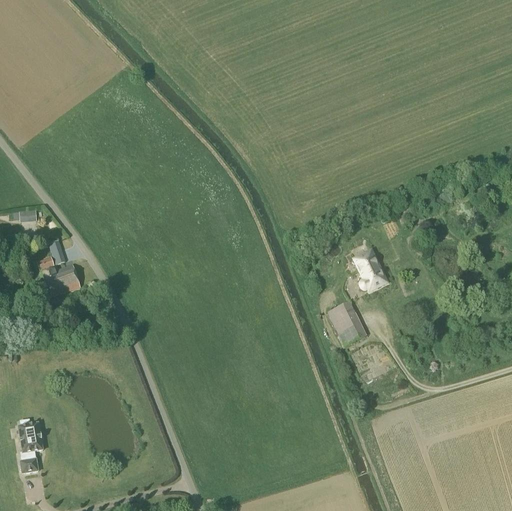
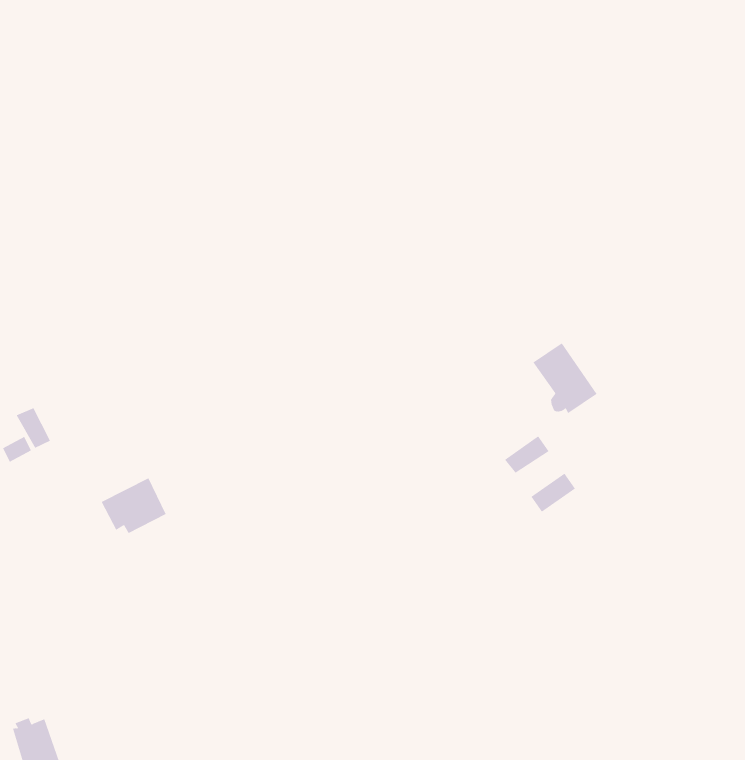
building: [43,264,80,295] -> [101,477,167,534]

